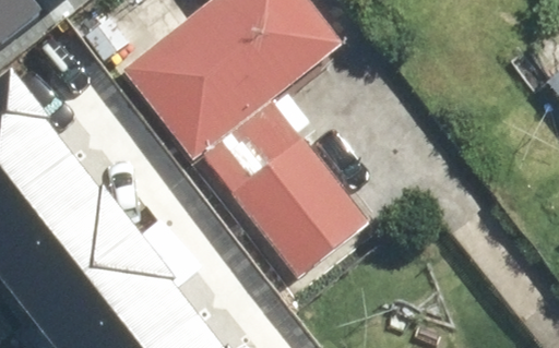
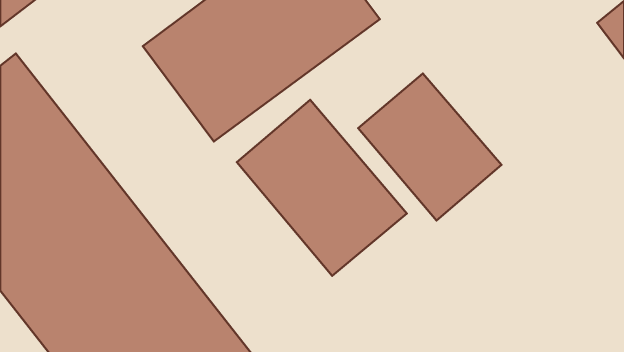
building: none -> [358,74,501,221]

